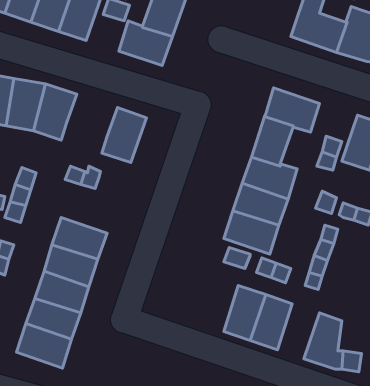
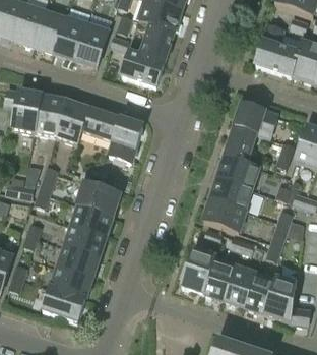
building: none -> [81,108,121,140]
building: none -> [77,182,120,216]
building: none -> [181,249,214,292]
building: none -> [245,271,277,313]

